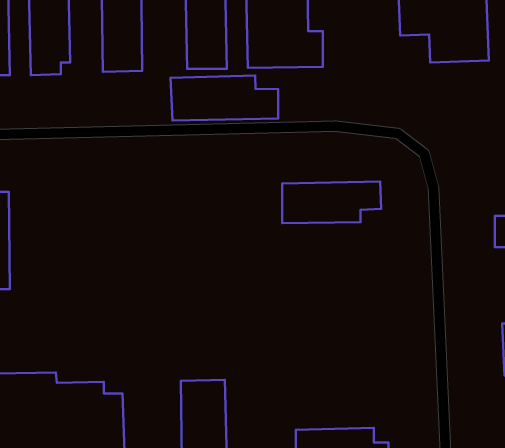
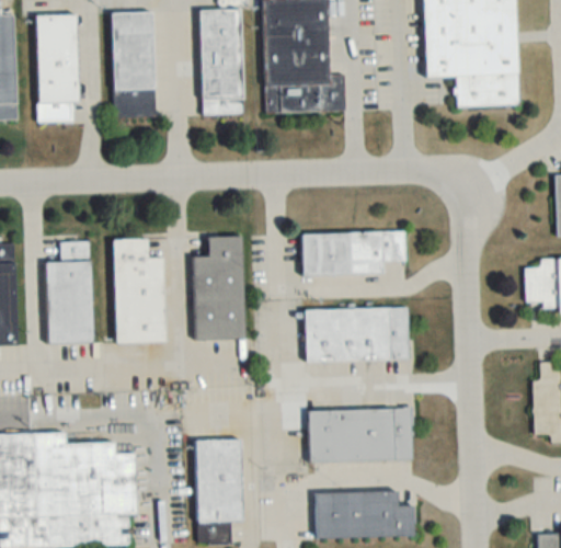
building: [171,75,278,121] -> none
building: none -> [193,237,244,341]
building: none -> [113,239,162,342]
building: none -> [45,241,91,343]
building: none -> [305,308,408,361]
building: none -> [308,408,412,461]

